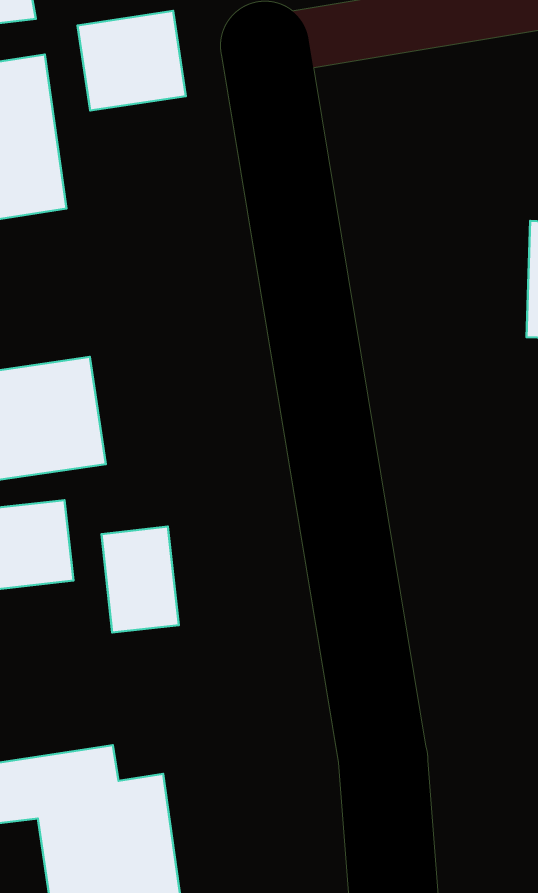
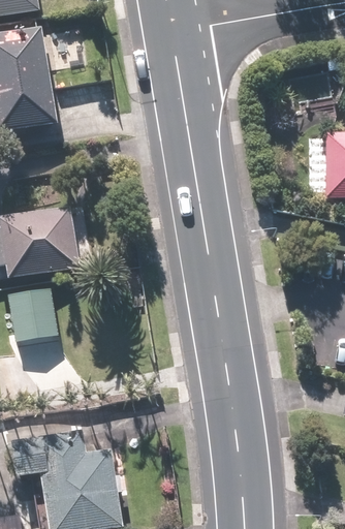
building: [77,11,186,110] -> none
building: [101,527,179,632] -> none

